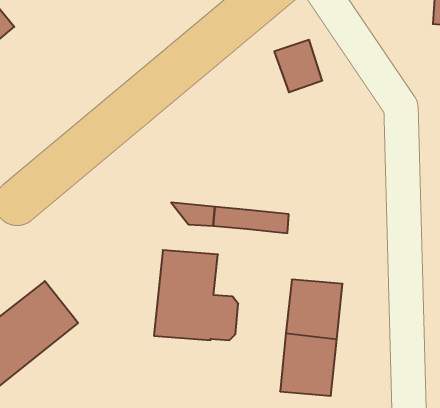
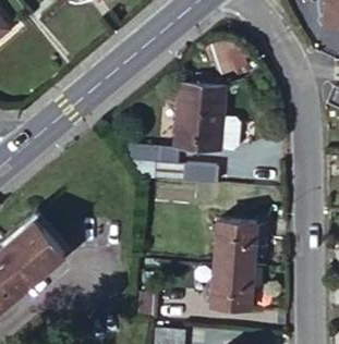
building: [154,250,238,340] -> [177,82,240,149]

